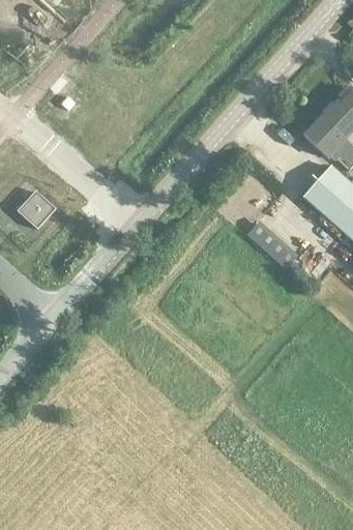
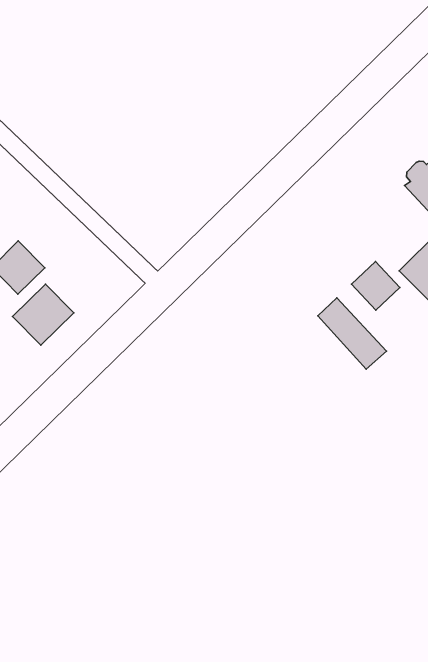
building: none -> [352,262,400,310]
building: none -> [13,284,74,345]

